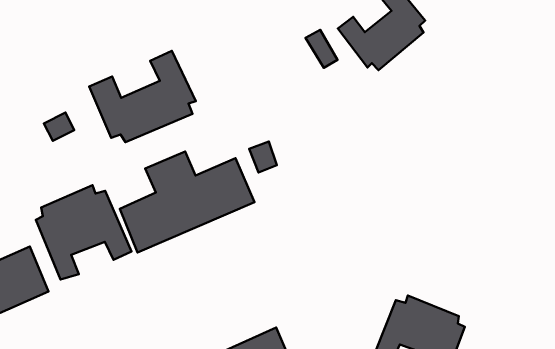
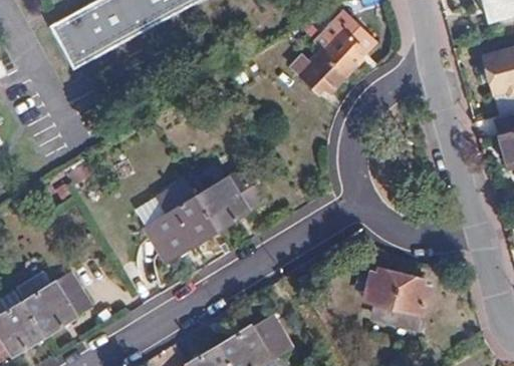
building: [89,51,196,142] -> none
building: [36,185,131,279] -> none

